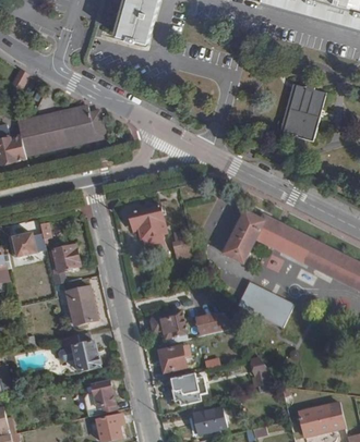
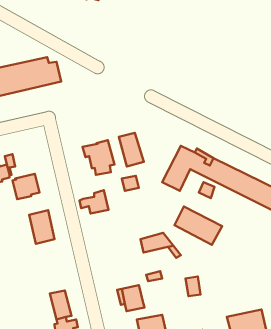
building: [278,83,325,139] -> none
building: none -> [119,133,144,167]
building: [152,310,185,337] -> [79,190,108,214]
building: [59,332,99,371] -> none
building: [158,344,191,371] -> none

